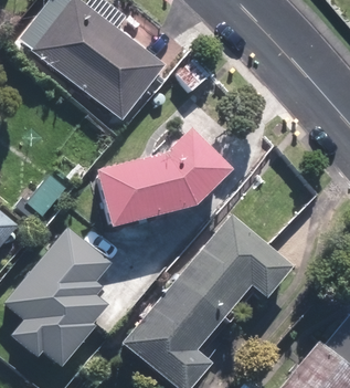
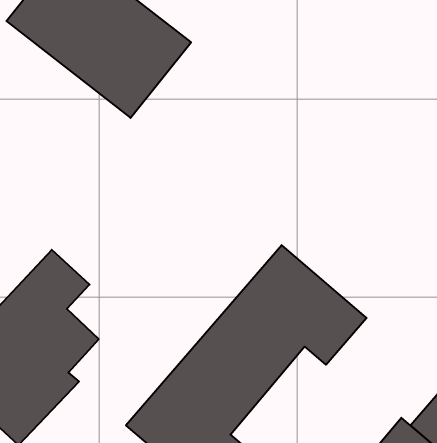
building: [92,133,225,230] -> none

